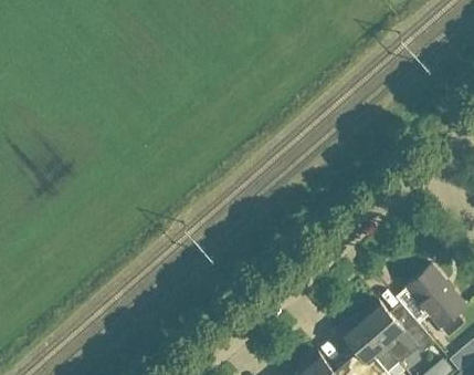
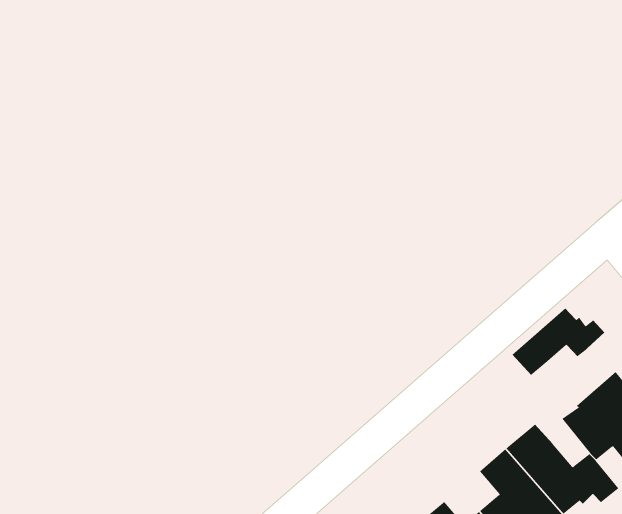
building: none -> [511,308,605,376]

